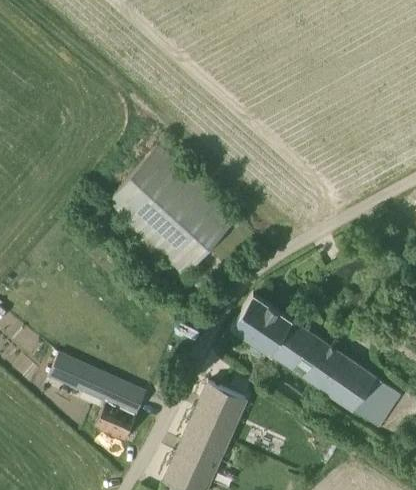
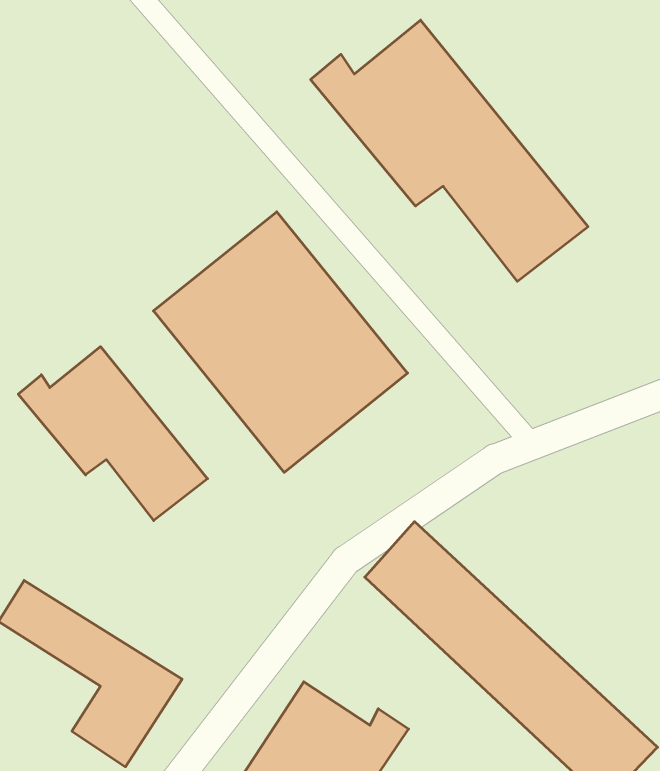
building: none -> [311,20,588,281]
building: none -> [18,347,208,521]

